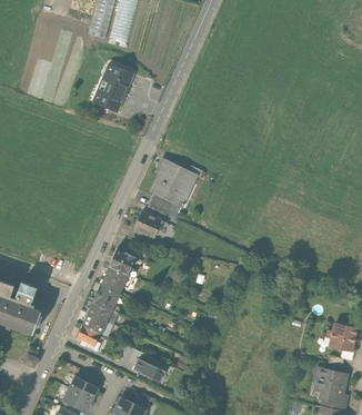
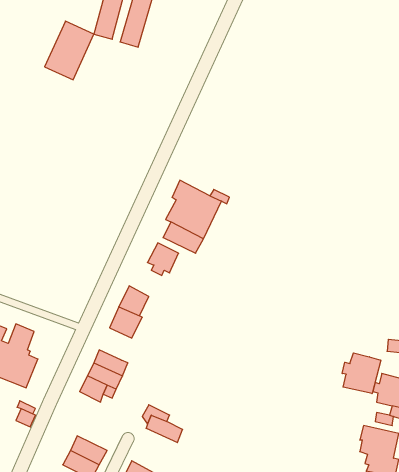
building: [92,63,134,113] -> [45,21,94,80]
building: [93,284,121,312] -> none
building: none -> [342,353,381,394]

